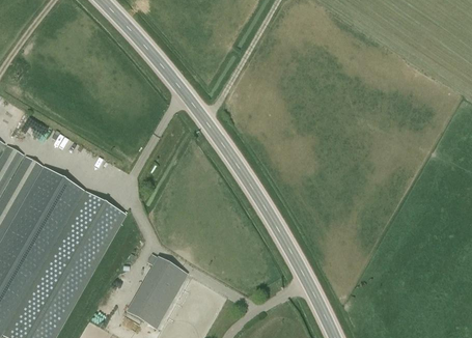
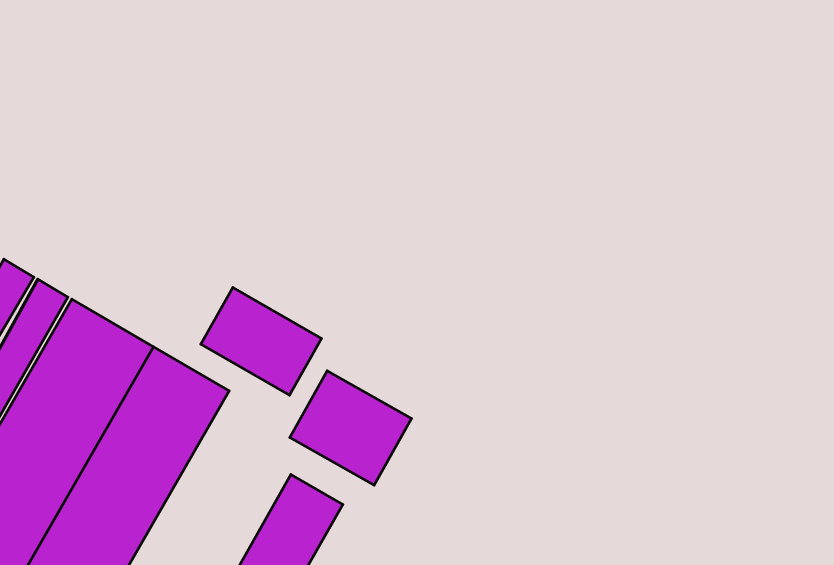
building: none -> [201,288,322,395]
building: none -> [290,371,412,485]

